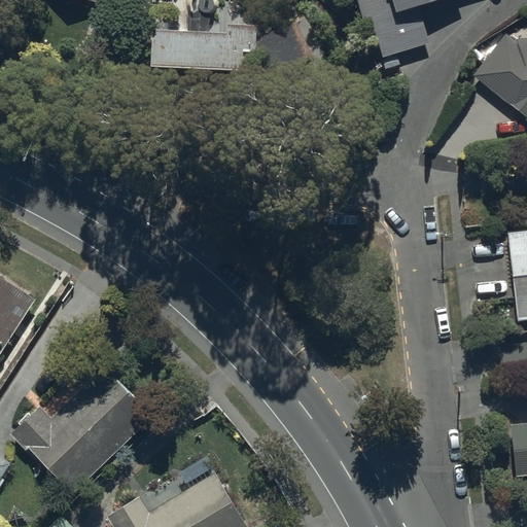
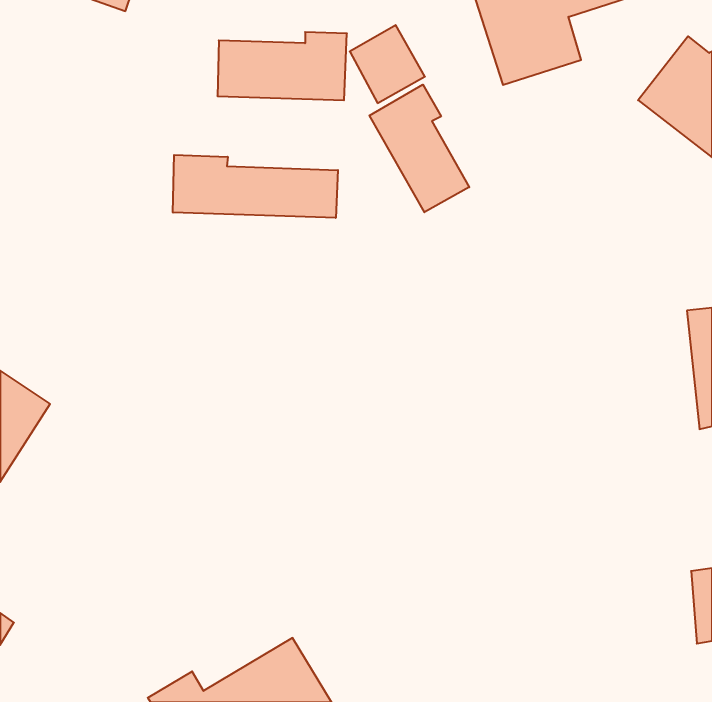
building: none -> [369,85,469,212]
building: none -> [173,155,338,218]
building: [11,365,154,494] -> none

